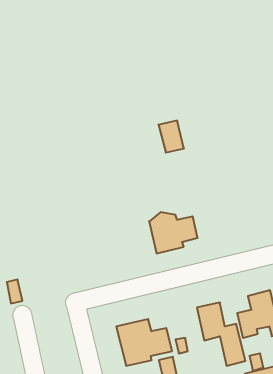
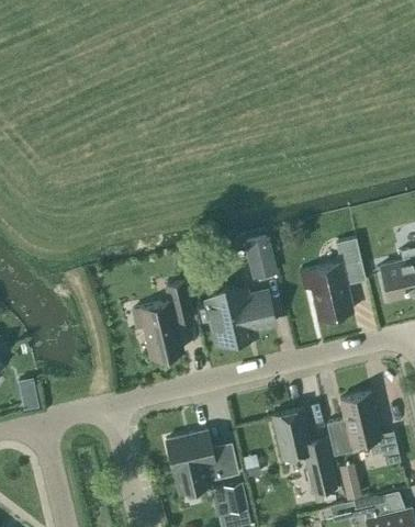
building: [158,121,184,153] -> [244,237,278,280]
building: none -> [300,239,366,319]
building: none -> [132,282,192,359]

